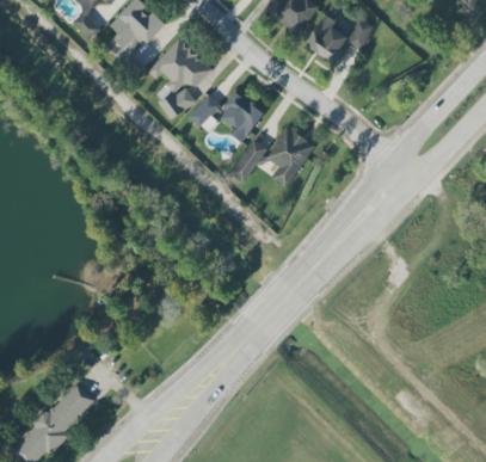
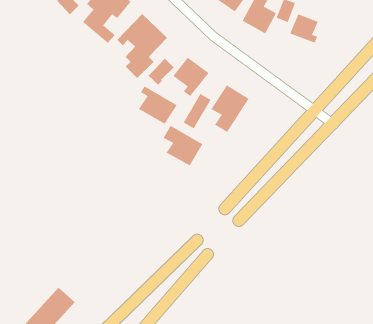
building: none -> [289,14,318,44]
building: none -> [138,86,178,124]
building: none -> [163,125,203,166]

